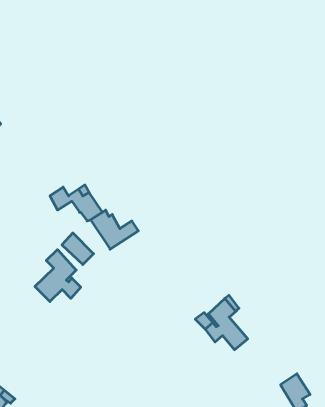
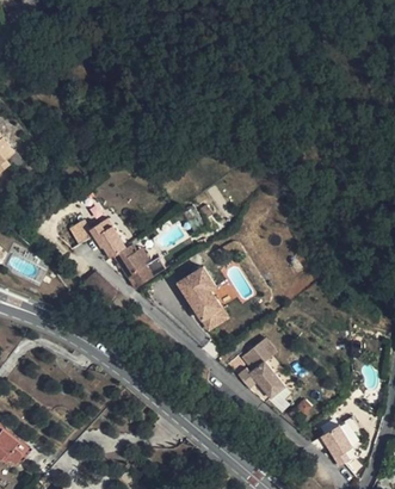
building: none -> [179,267,229,330]
building: [35,250,81,302] -> none

